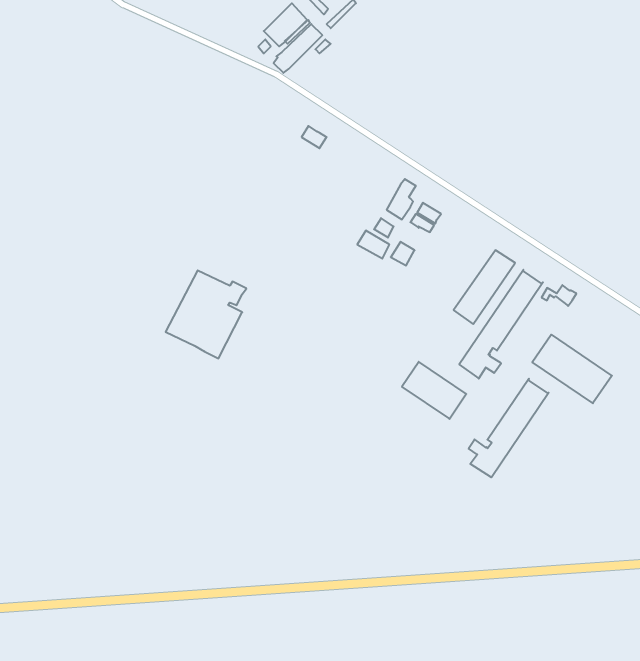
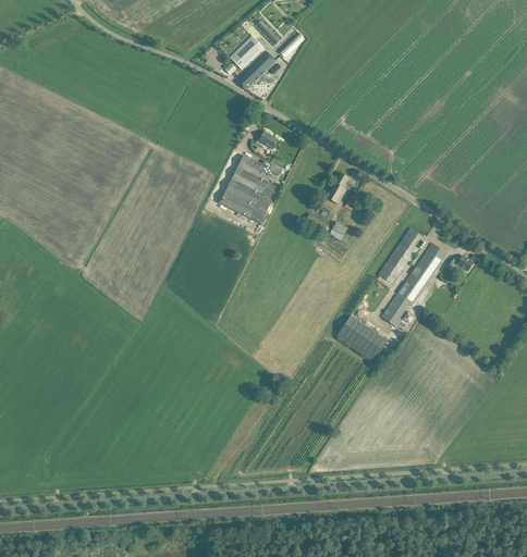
building: [166,270,246,358] -> [218,154,281,223]
building: [532,335,612,403] -> none
building: [469,379,549,477] -> none

